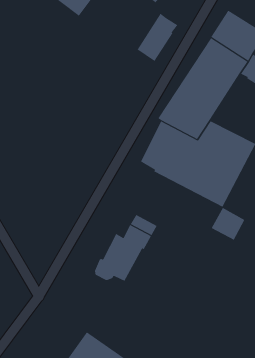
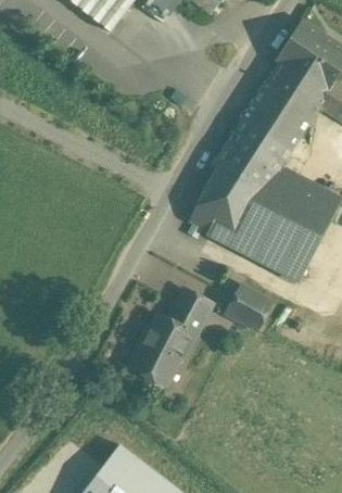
building: [137,13,178,62] -> none
building: [211,207,245,241] -> [227,287,271,330]

